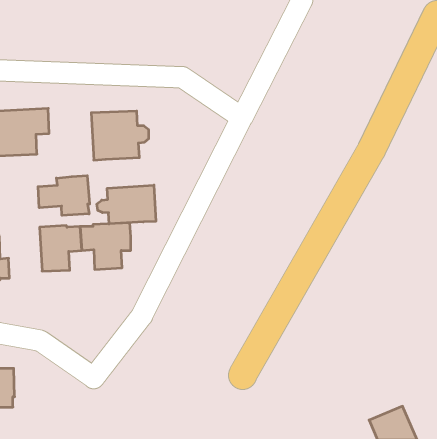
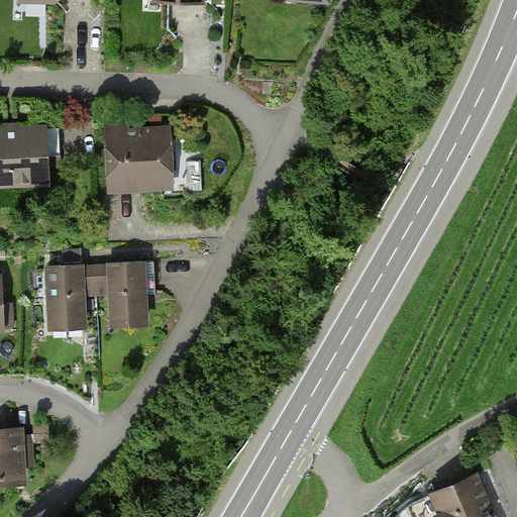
building: [38,176,90,215] -> none
building: [97,185,156,224] -> none

